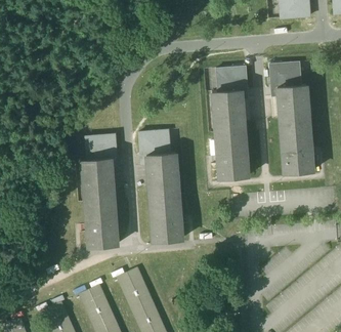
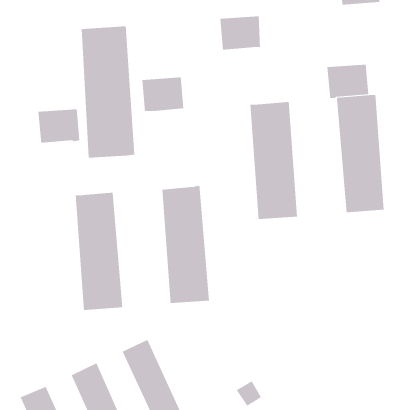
building: none -> [81,25,135,158]
building: [216,66,247,91] -> [220,16,261,50]
building: [138,129,170,155] -> [141,77,184,111]
building: [85,133,117,159] -> [38,109,80,143]

